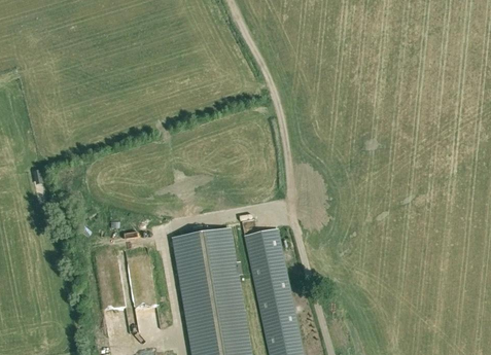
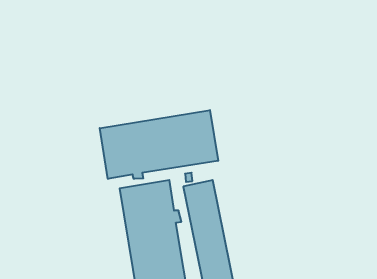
building: none -> [100,110,218,179]

